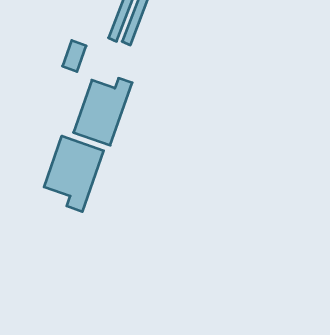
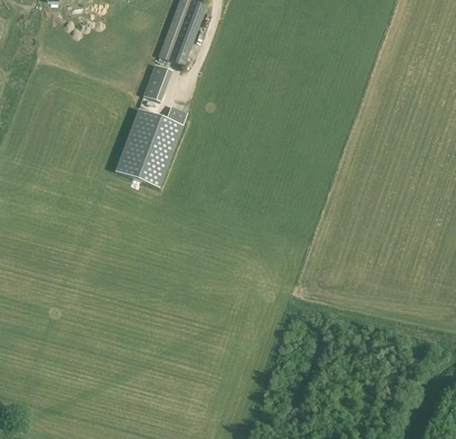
building: [62,40,86,72] -> [143,64,172,101]
building: [44,136,104,212] -> none

